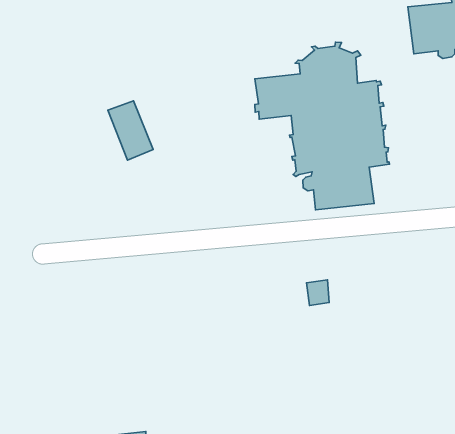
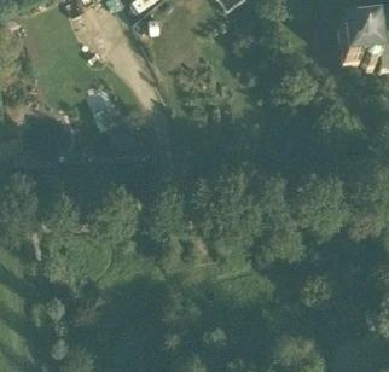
building: [255,42,390,210] -> none

